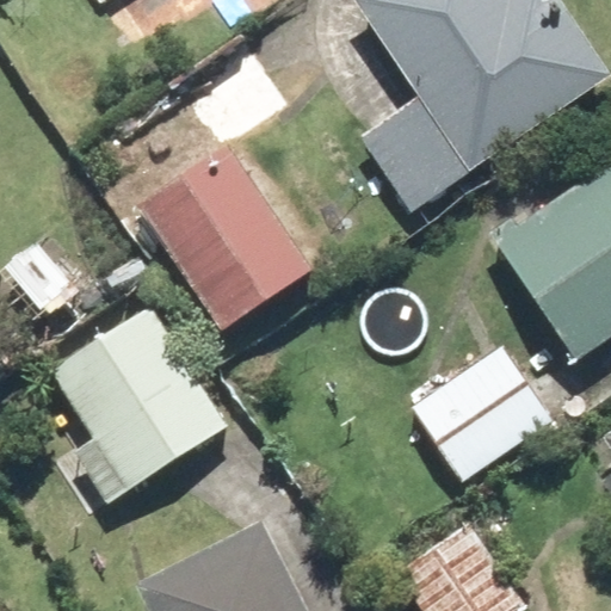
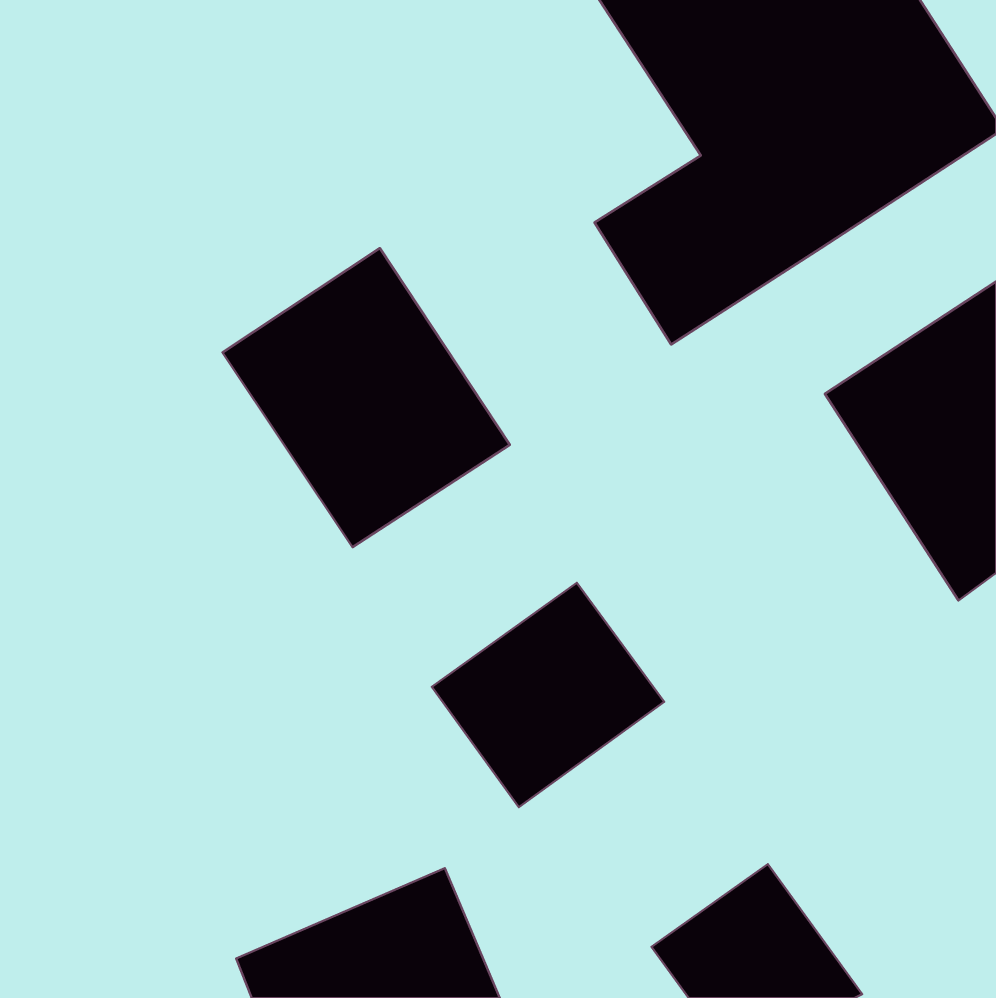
building: [27,304,233,510] -> none
building: [411,346,551,482] -> none
building: none -> [432,583,664,807]

